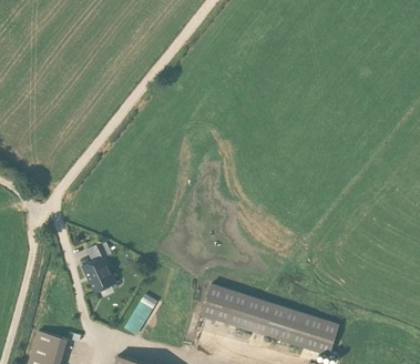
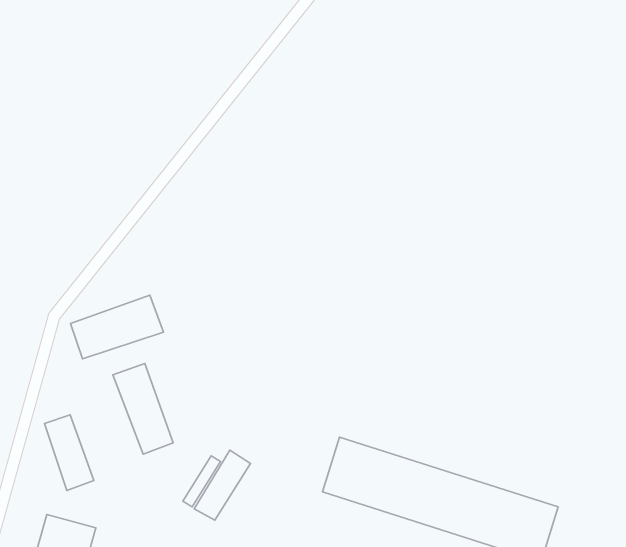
building: none -> [70,295,163,359]
building: none -> [44,415,94,490]

